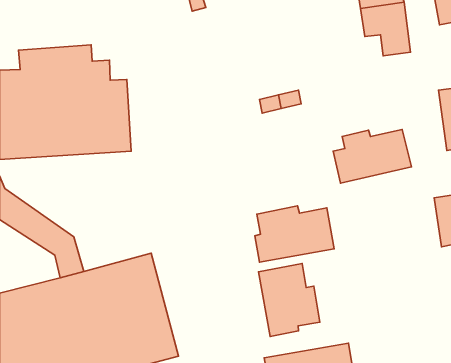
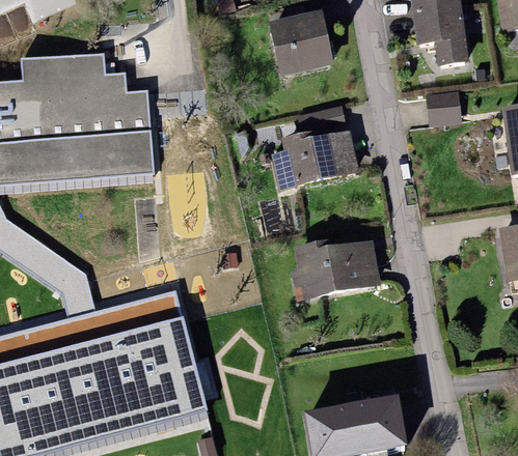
building: none -> [268,9,334,77]
building: none -> [425,92,462,129]
building: [333,129,411,183] -> [271,130,360,191]
building: [258,264,320,336] -> none

